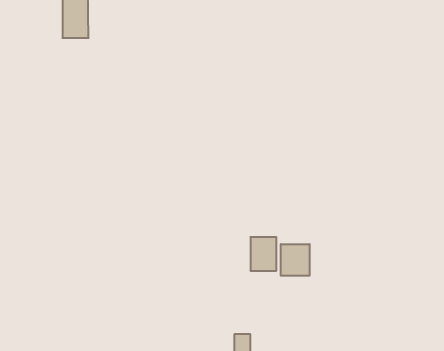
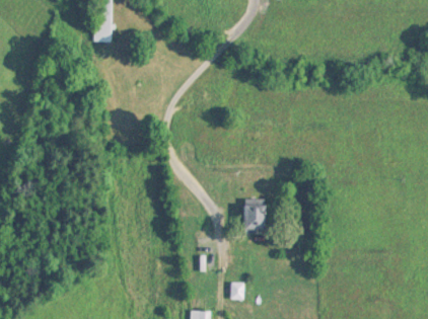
building: [281,244,310,276] -> none

